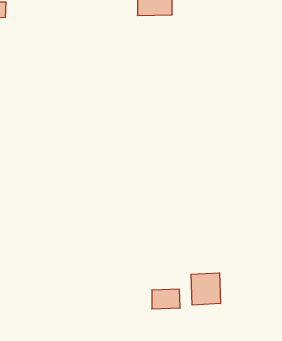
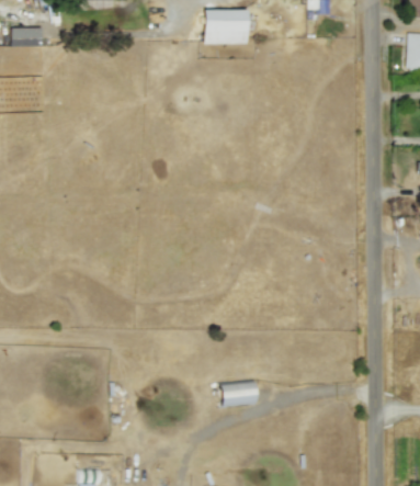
building: [191,273,220,305] -> none

